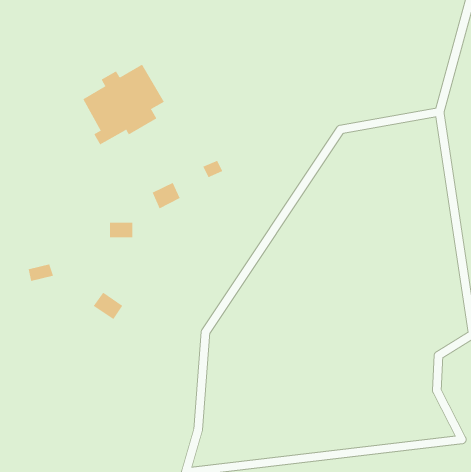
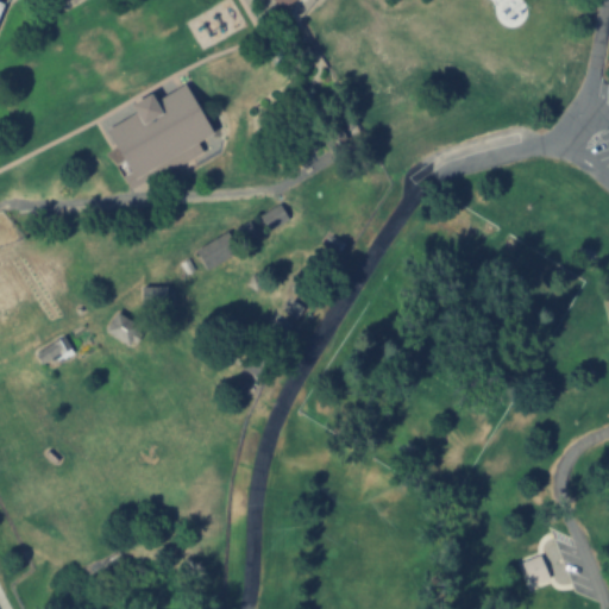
building: [93,292,123,320] -> [106,310,145,346]
building: none -> [521,554,550,584]

